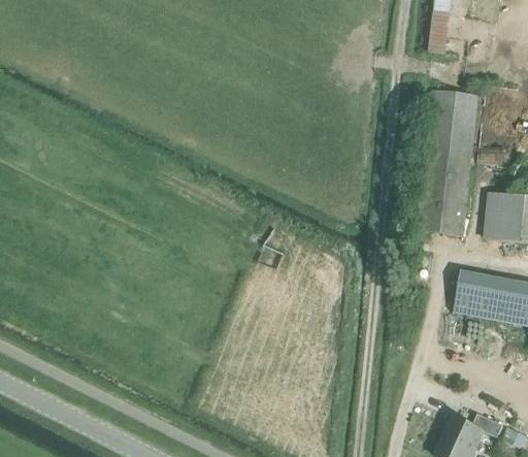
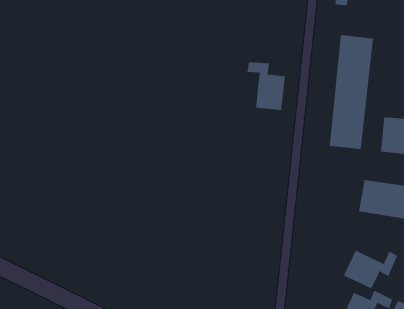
building: none -> [247,61,285,111]
building: none -> [343,250,398,289]

